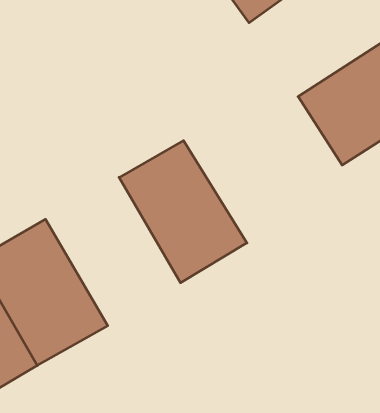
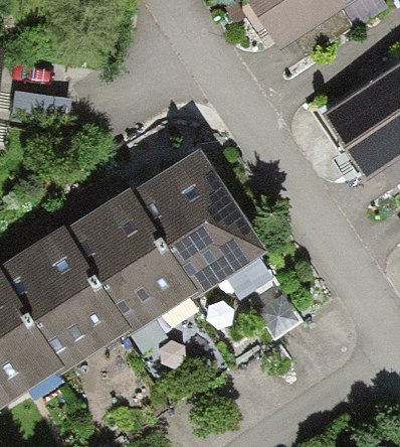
building: none -> [70,189,203,335]

